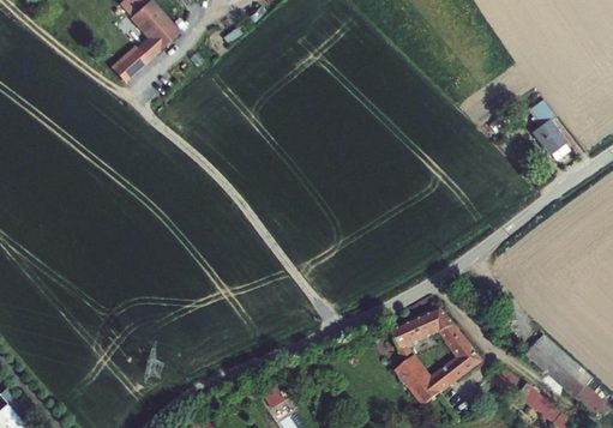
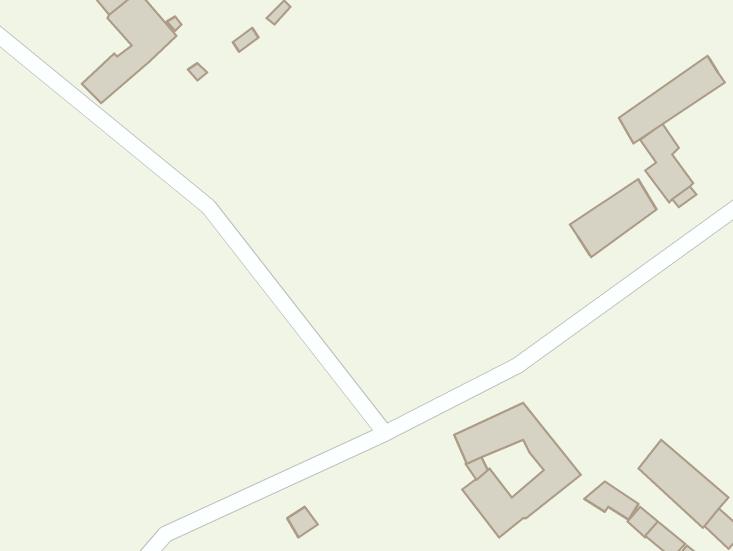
building: none -> [619,56,725,143]
building: none -> [570,179,656,257]

